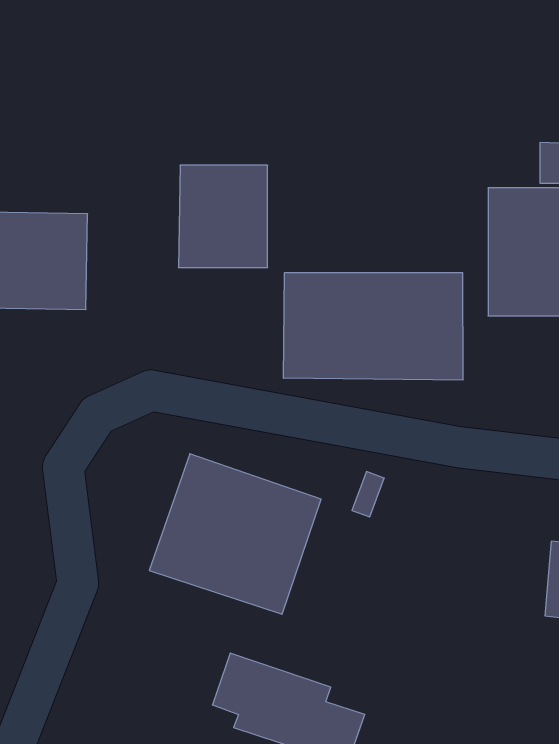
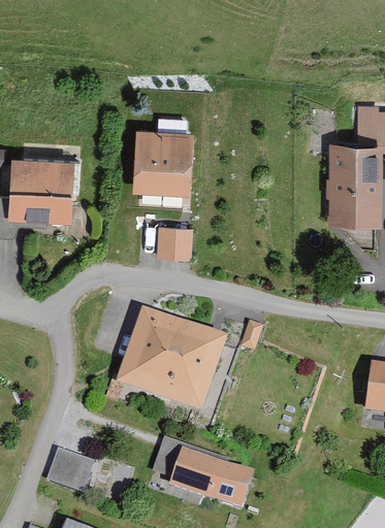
building: [284,273,463,380] -> none
building: none -> [158,225,190,257]
building: none -> [46,450,91,491]

